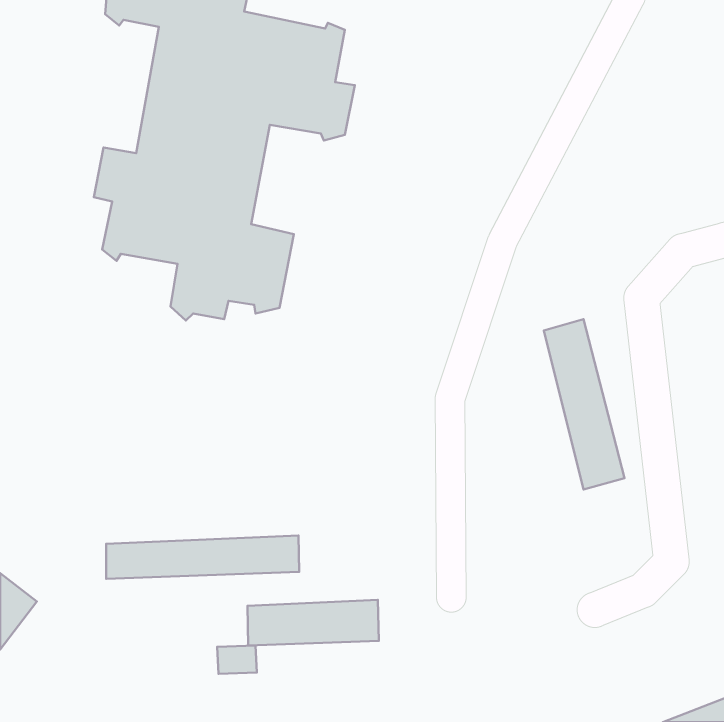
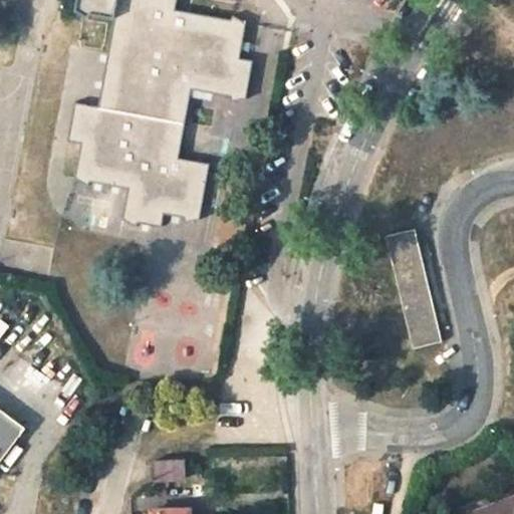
building: [106,536,299,579] -> none
building: [248,600,379,646] -> none

